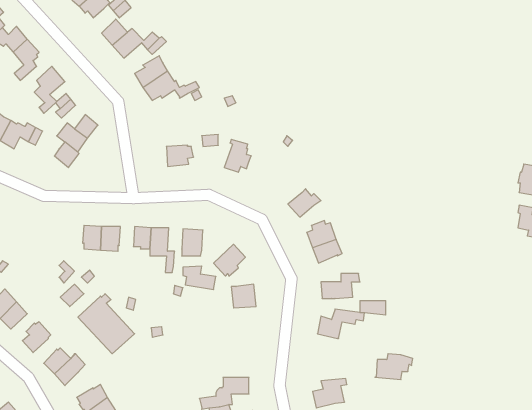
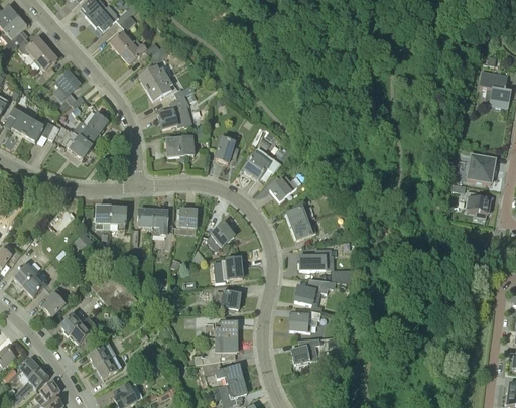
building: none -> [158,95,188,128]
building: none -> [243,148,280,179]
building: [183,266,216,290] -> [212,285,240,305]
building: [375,354,413,380] -> [288,309,320,331]
building: none -> [205,323,236,337]

